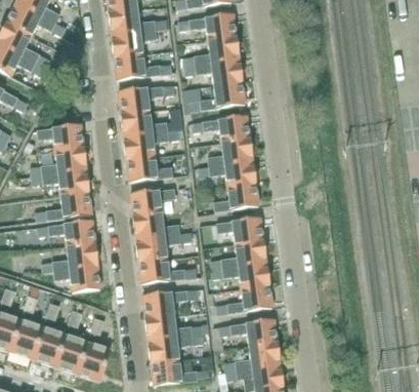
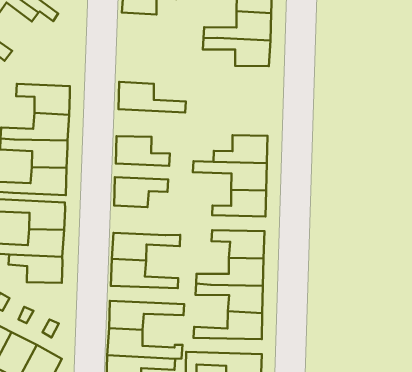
building: [114,53,176,79] -> none
building: [188,81,245,111] -> none
building: [118,84,178,114] -> none
building: [192,115,250,143] -> none
building: [124,130,180,159] -> none
building: [133,213,179,239] -> none

